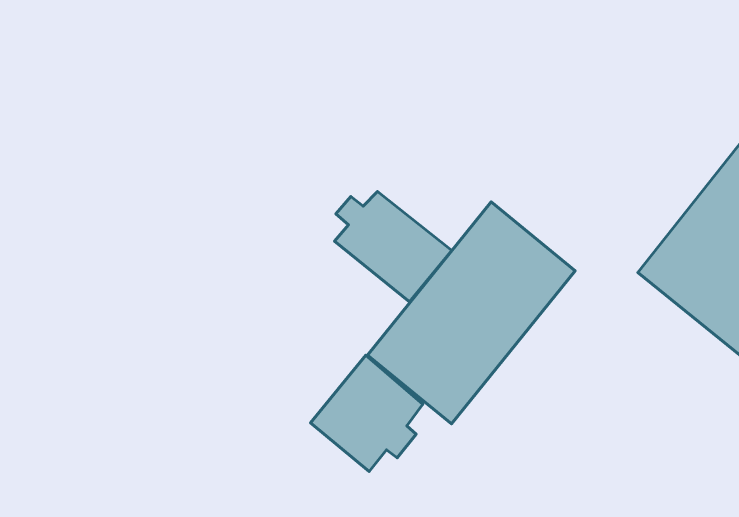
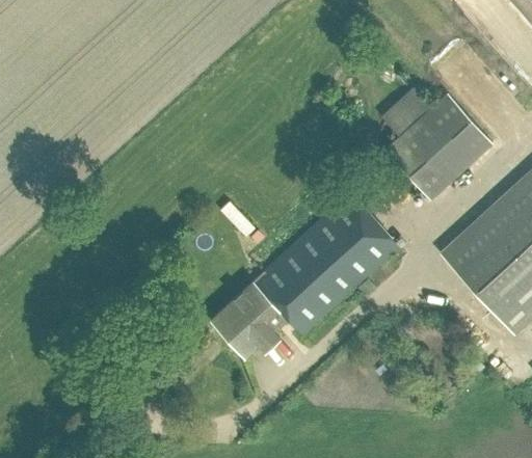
building: none -> [380,88,493,200]
building: [335,192,452,302] -> none

